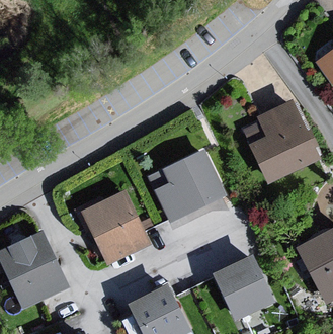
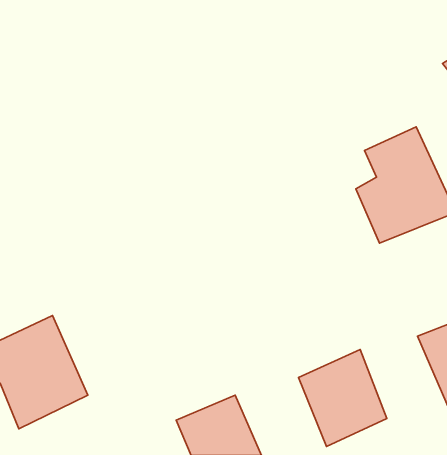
building: [153,149,226,221] -> none
building: [80,191,150,263] -> none

